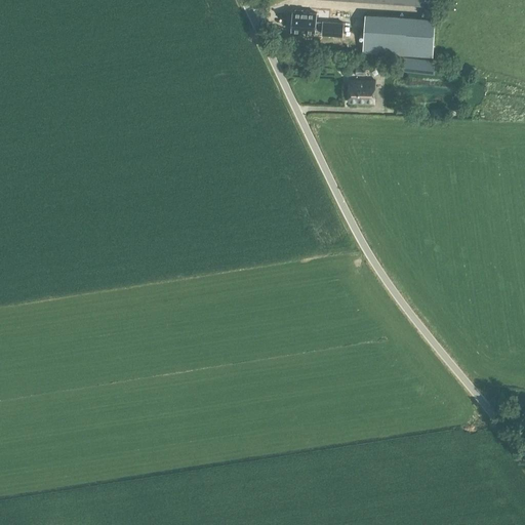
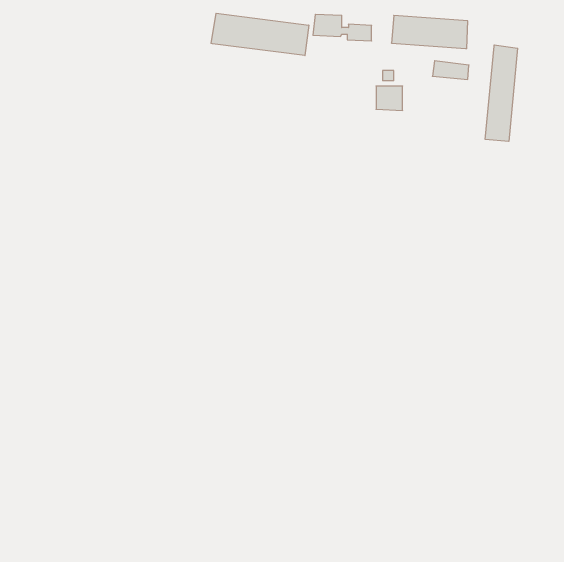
building: none -> [211,13,309,56]
building: none -> [485,45,518,141]

